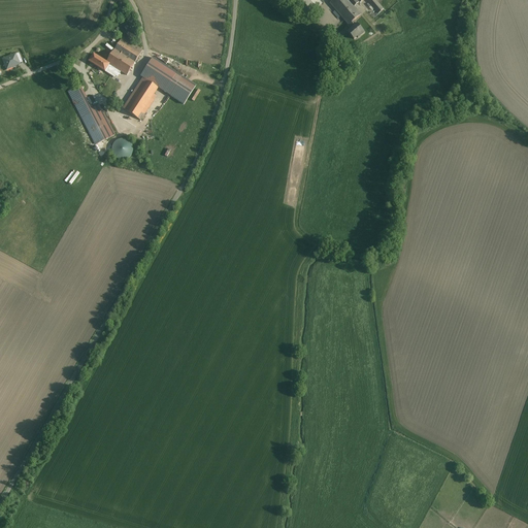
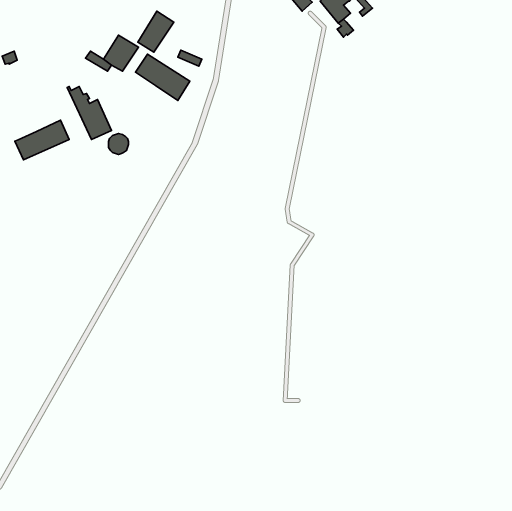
building: [123,76,160,119] -> [138,11,174,52]
building: none -> [15,120,69,160]

